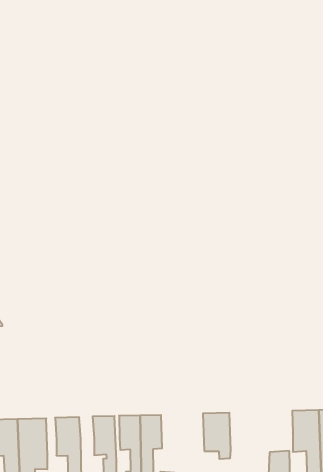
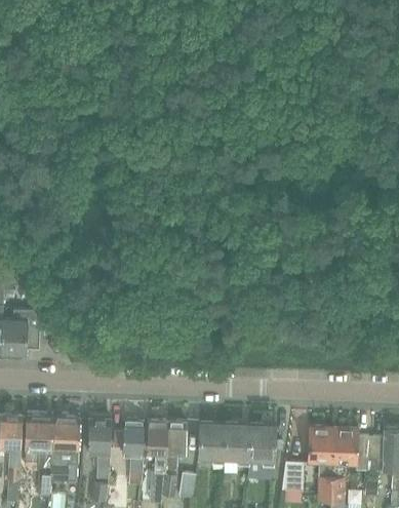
building: none -> [249,425,276,468]
building: none -> [198,423,226,467]

